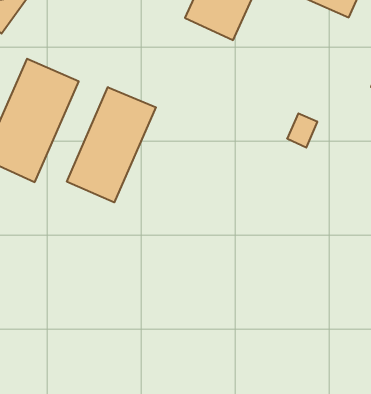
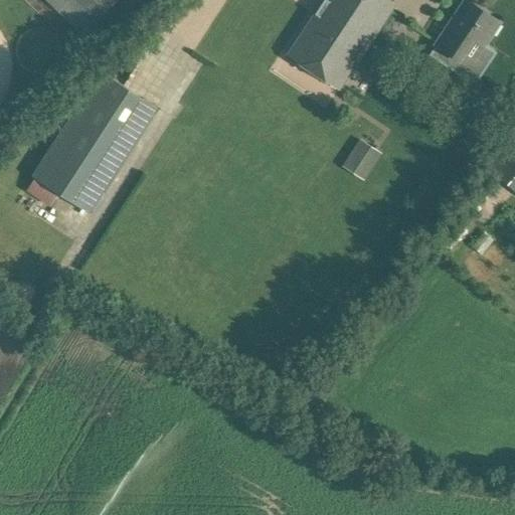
building: [67,87,156,202] -> none
building: [287,113,317,148] -> [340,141,377,181]

